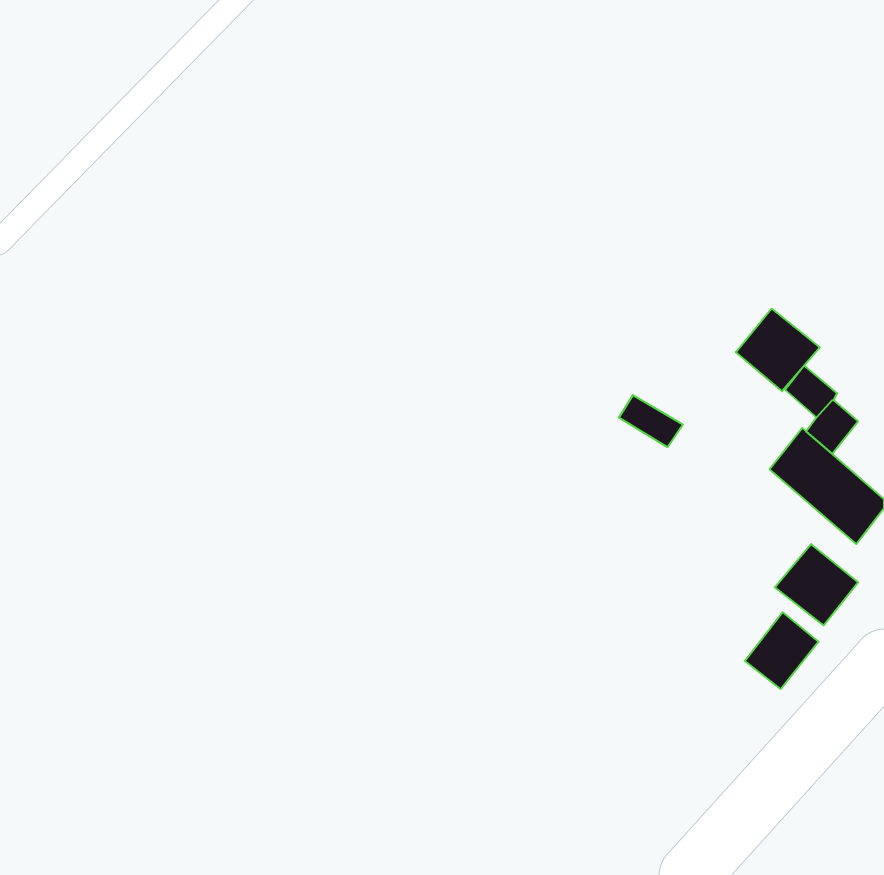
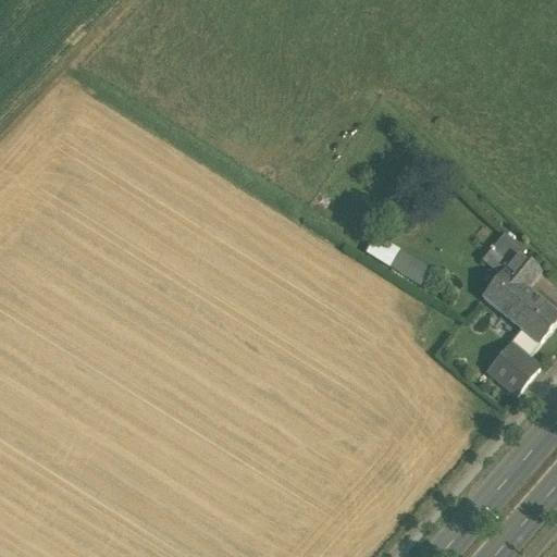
building: [736,309,820,391] -> none
building: [745,612,819,689] -> none

